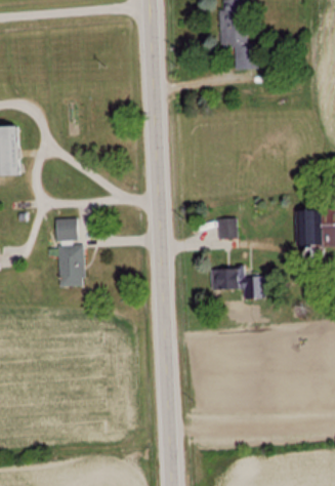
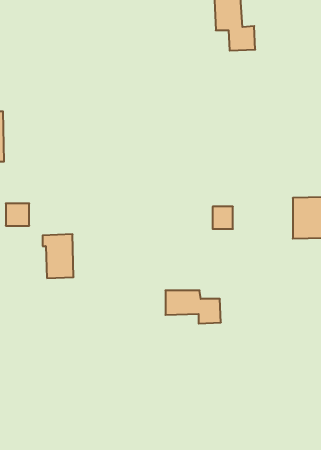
building: [55,219,78,241] -> [6,203,29,226]
building: [211,269,264,300] -> [165,290,221,324]

